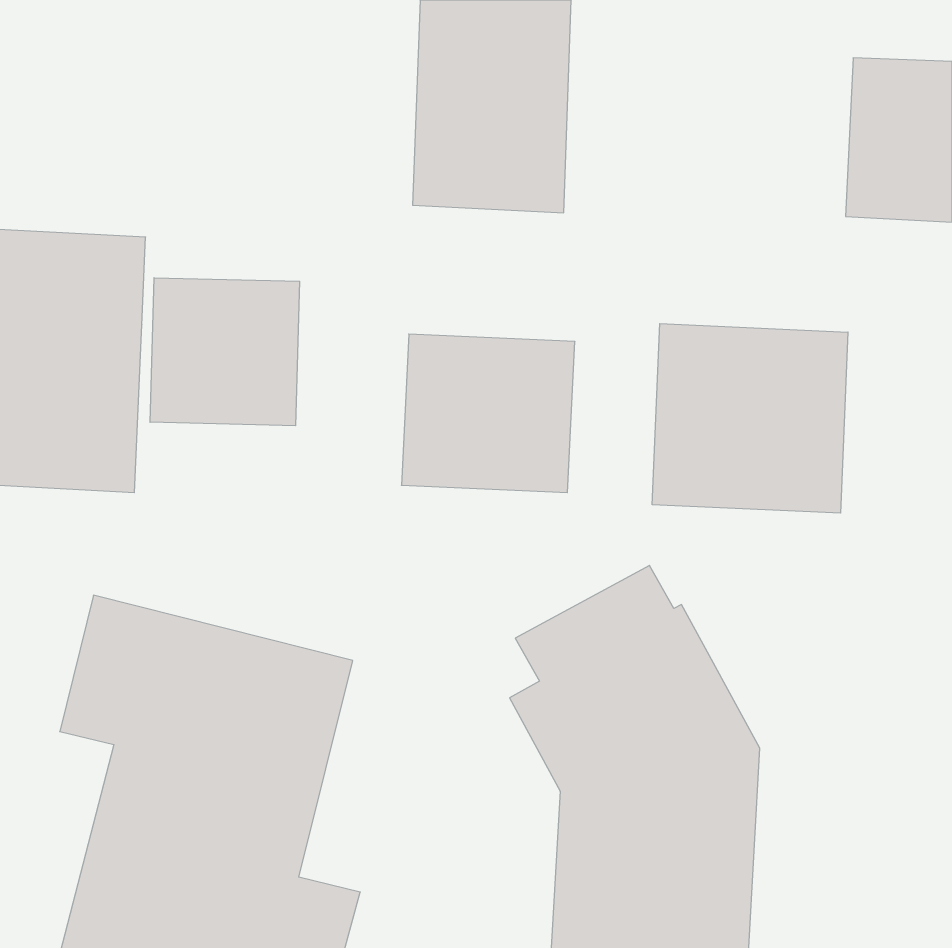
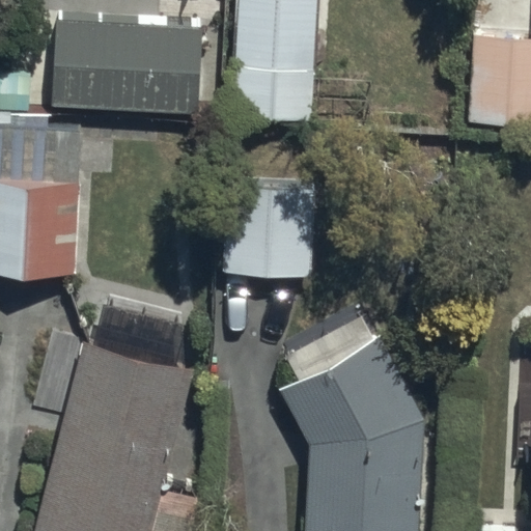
building: none -> [54,28,202,111]
building: [150,278,300,426] -> none
building: [652,324,848,513] -> none

